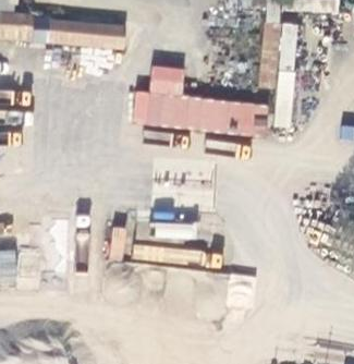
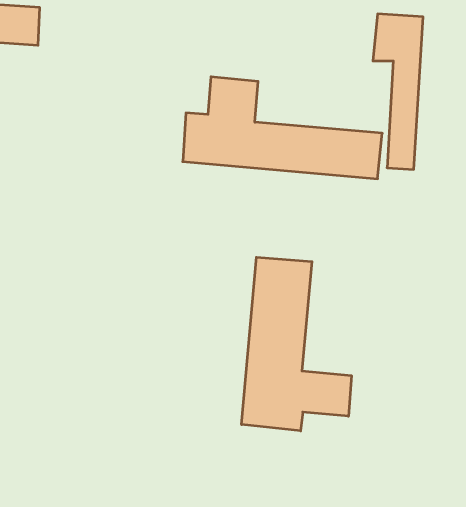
building: [52,19,125,49] -> none
building: none -> [242,257,351,431]

